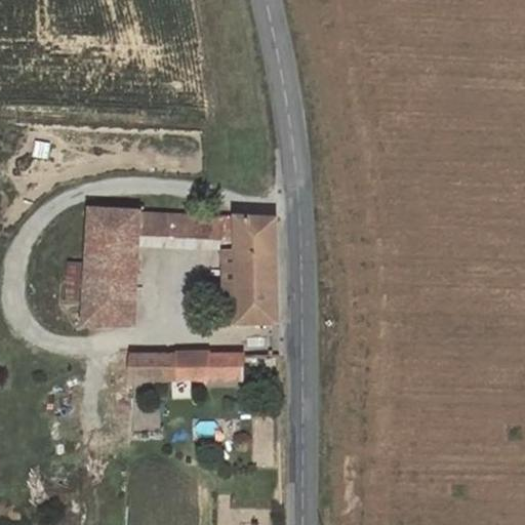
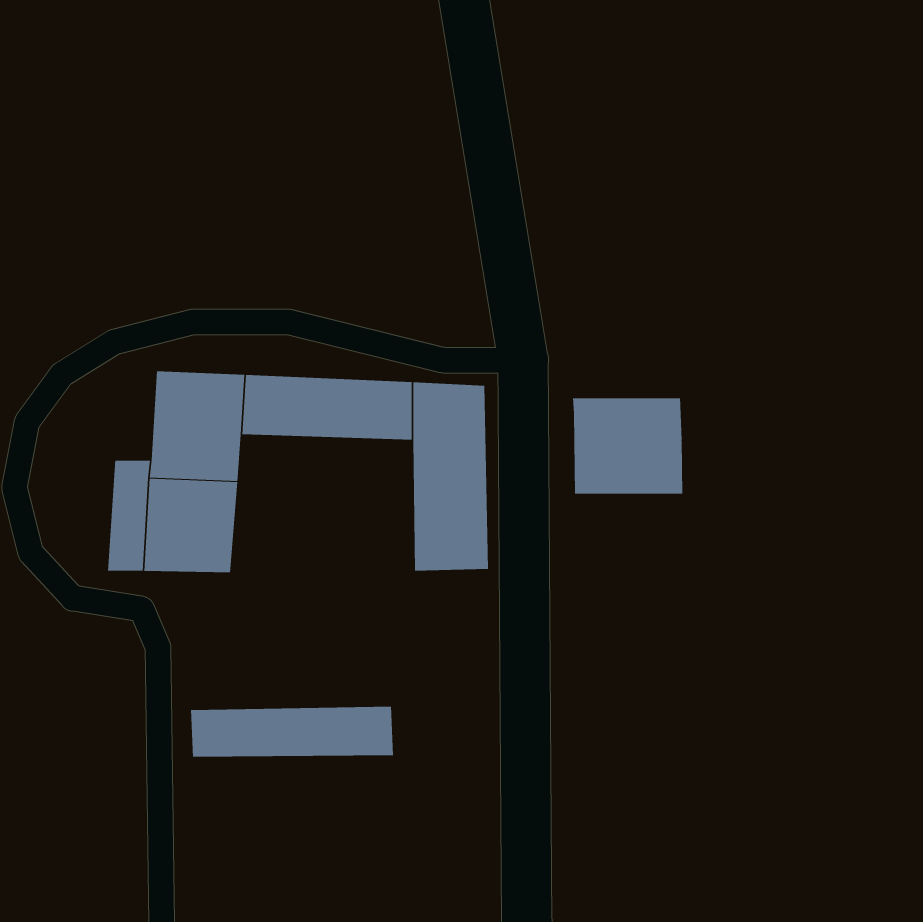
building: none -> [572,397,683,495]
building: [130,351,245,379] -> [190,706,394,757]

